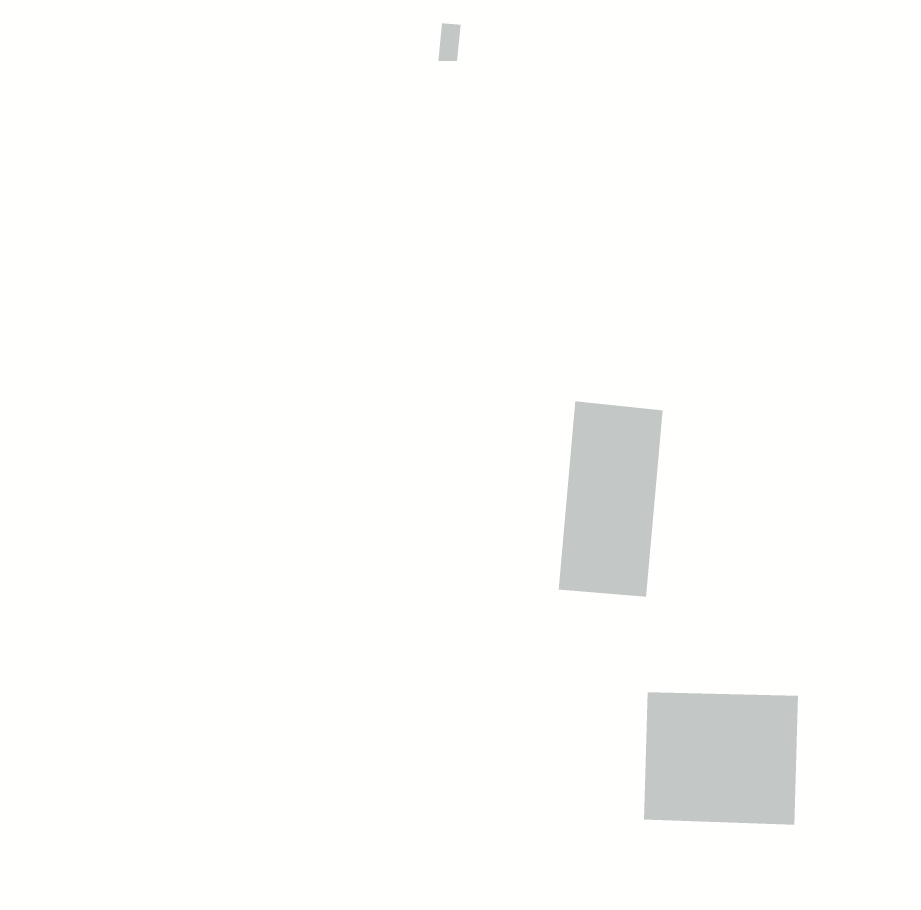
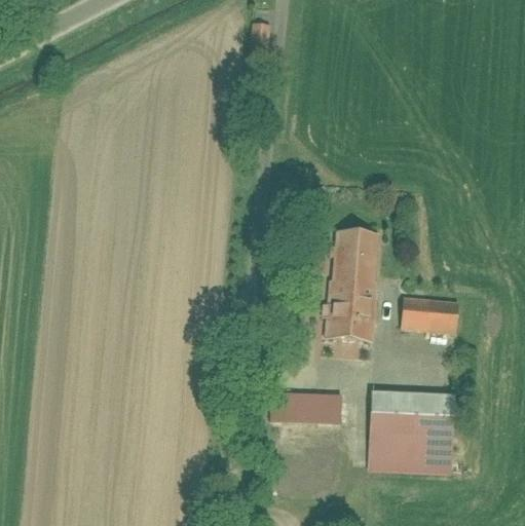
building: none -> [400,297,459,334]
building: none -> [273,389,342,421]

